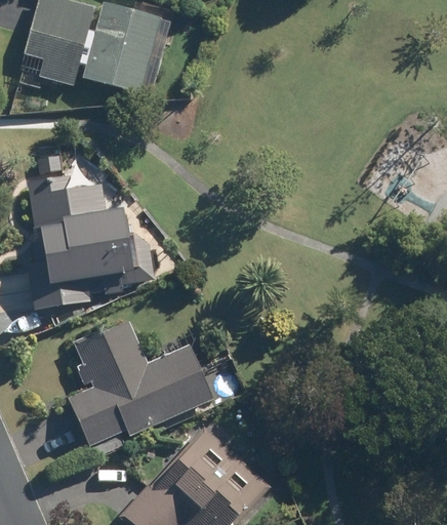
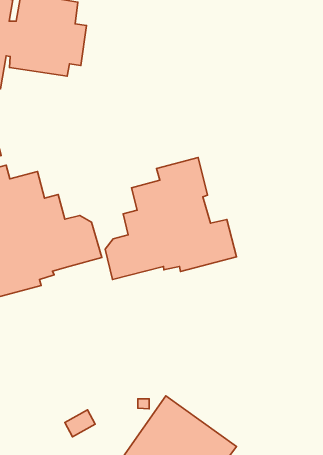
building: none -> [105,158,236,279]
building: [68,320,211,445] -> none

